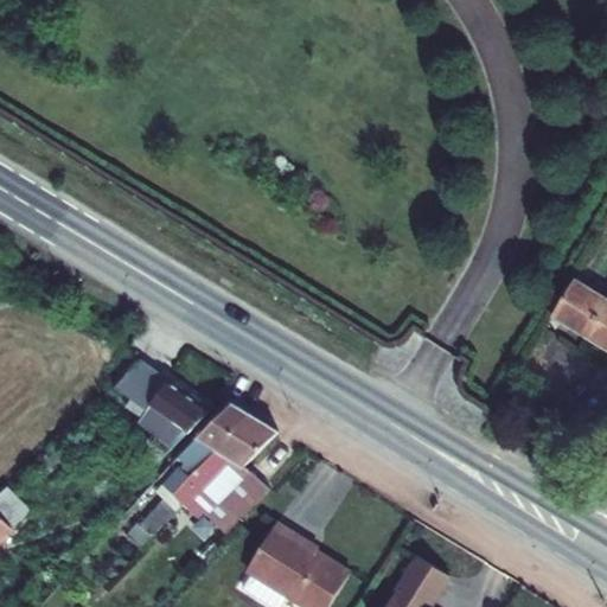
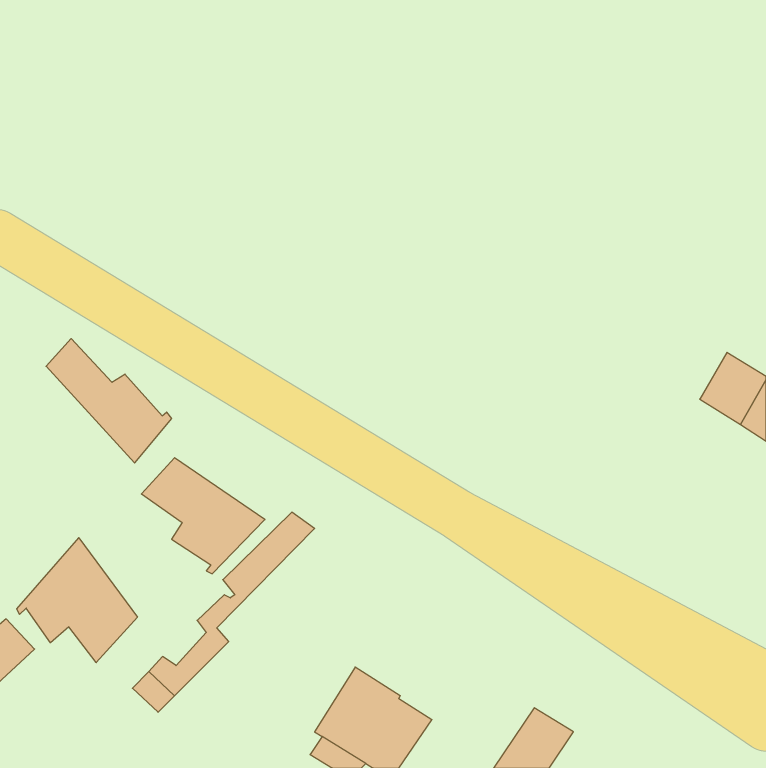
building: none -> [46,339,171,463]
building: [171,414,277,538] -> none
building: none -> [17,538,137,663]

